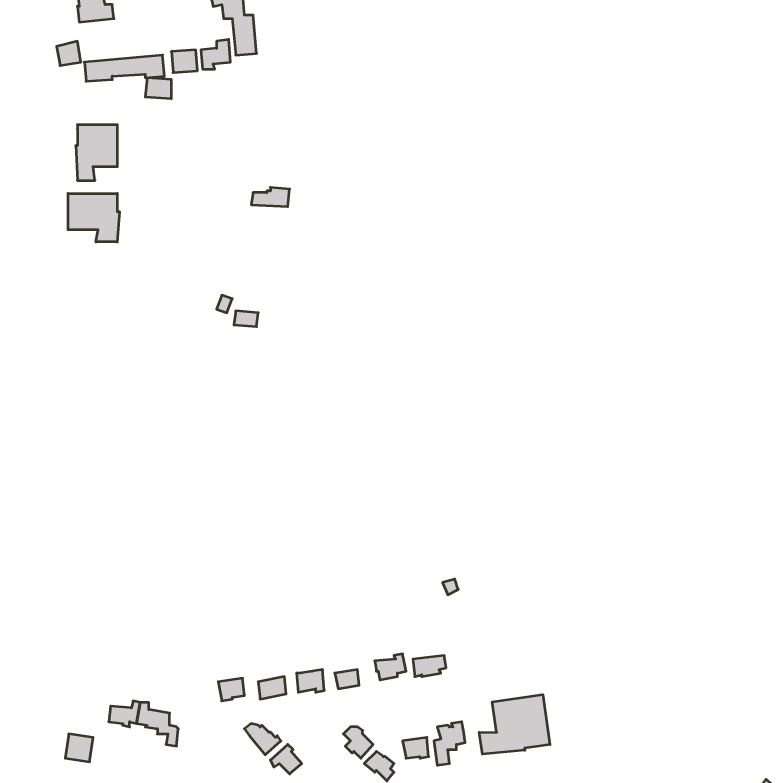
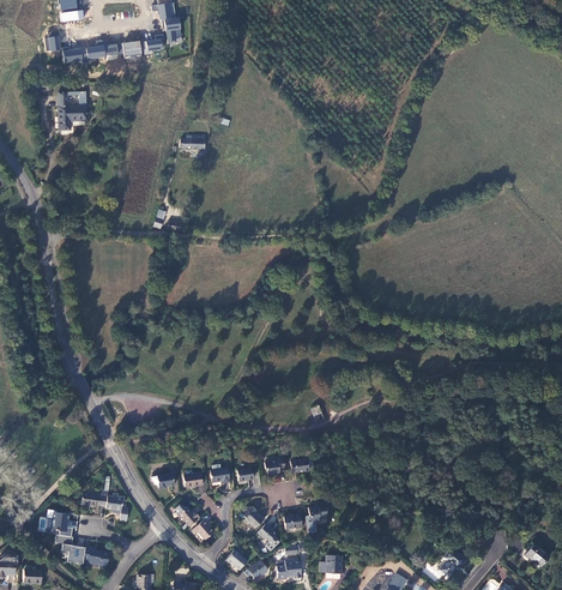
building: [68,193,119,242] -> none
building: [479,695,550,754] -> none

